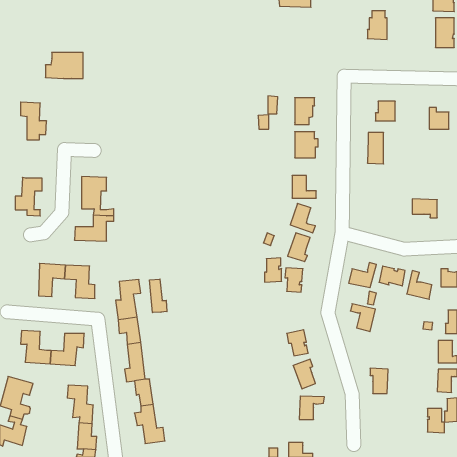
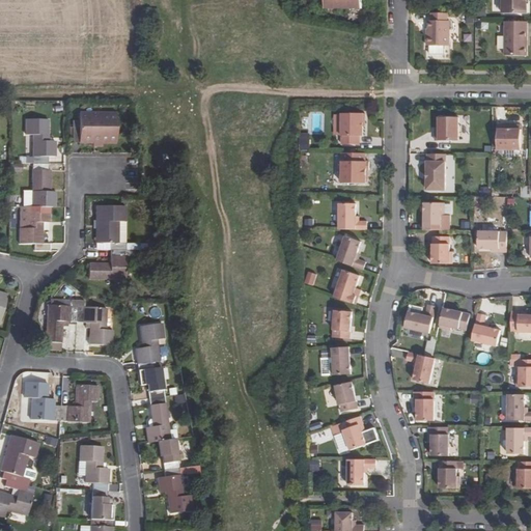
building: [45,52,83,78] -> [71,112,114,142]
building: none -> [30,162,54,206]
building: none -> [423,202,444,229]
building: none -> [431,236,451,263]
building: [265,258,282,282] -> [330,346,350,374]
building: [150,279,167,313] -> none
building: none -> [413,392,434,420]
building: [427,409,444,433] -> [440,460,459,488]

